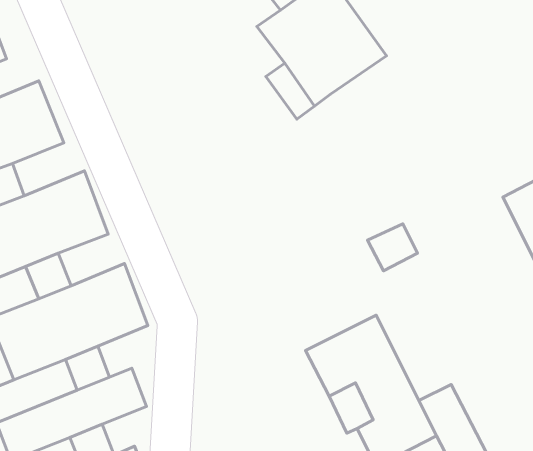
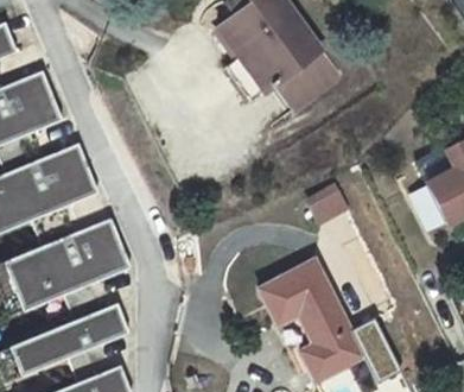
building: none -> [279,50,343,108]

